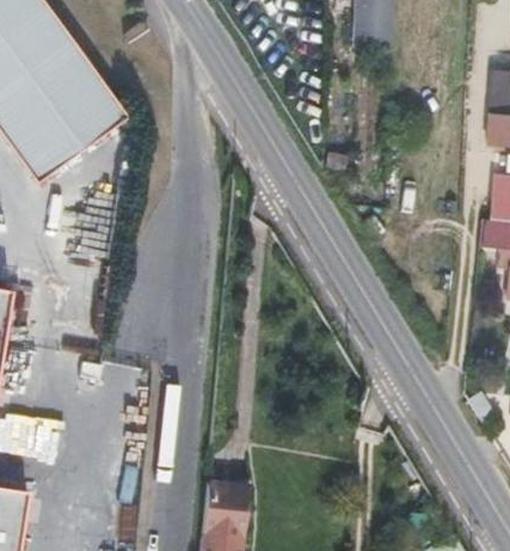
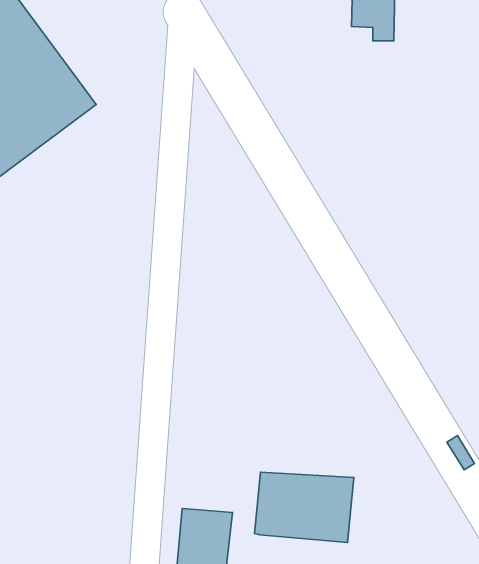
building: none -> [255,472,354,543]

